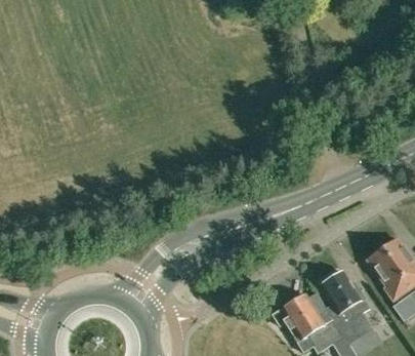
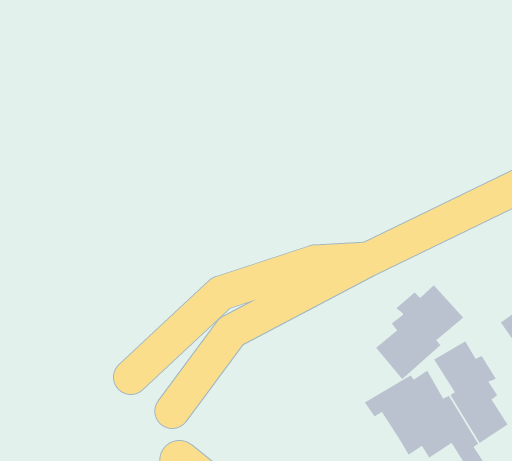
building: none -> [375,284,464,380]

